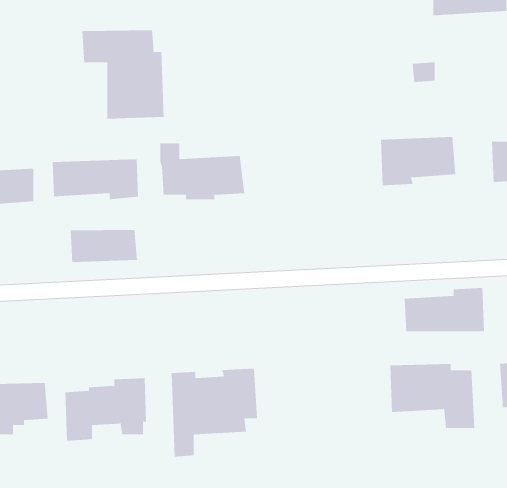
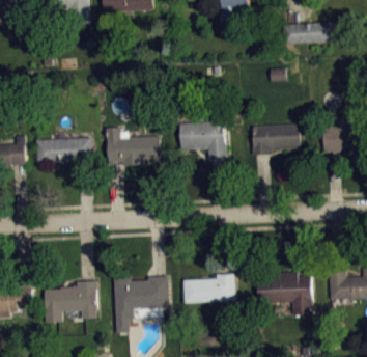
building: [82,30,164,119] -> none
building: none -> [178,121,226,158]
building: [70,229,137,263] -> none
building: [404,288,485,332] -> [182,272,235,301]

